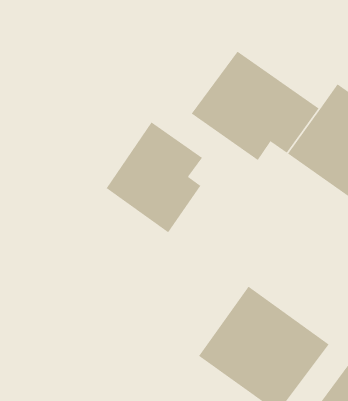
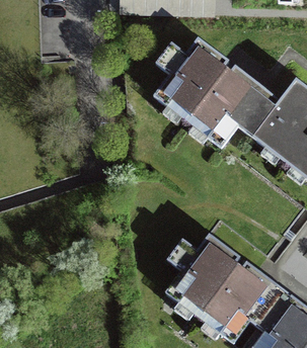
building: [106,121,203,233] -> none

